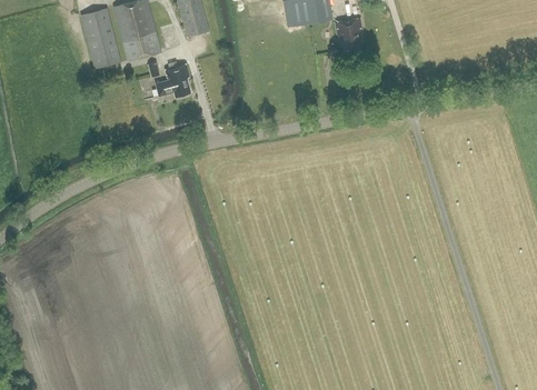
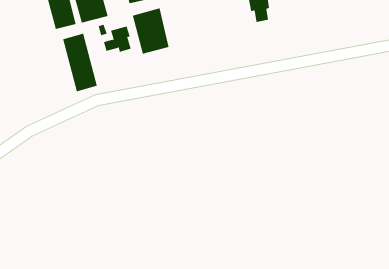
building: none -> [132,8,169,54]
building: none -> [62,33,98,92]

